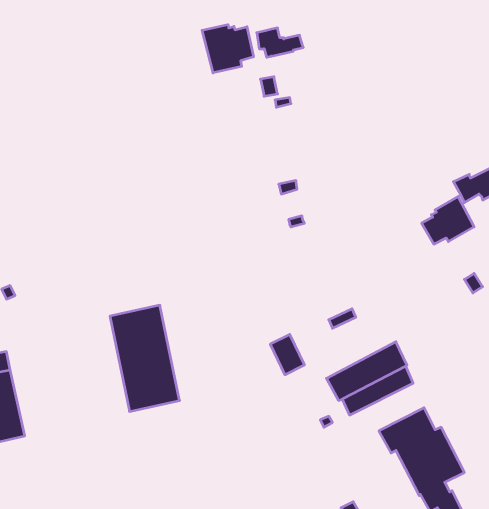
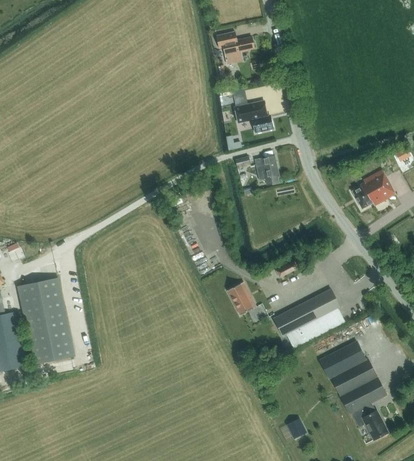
building: [202,25,253,73] -> none
building: none -> [234,100,272,132]
building: none -> [255,155,278,185]
building: [110,305,180,411] -> [17,277,74,364]

